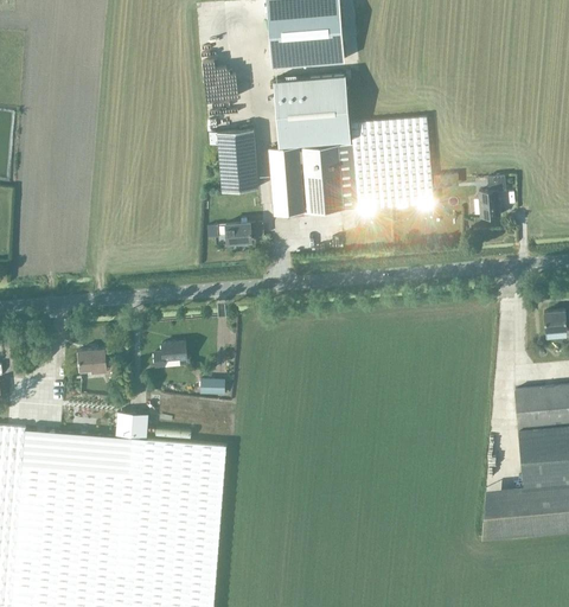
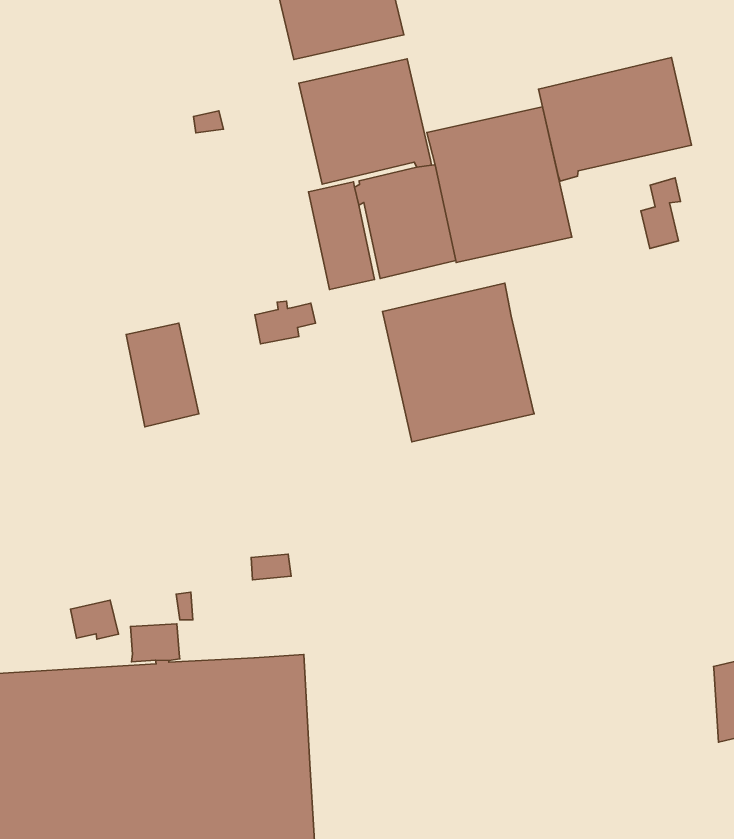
building: none -> [538,58,692,181]
building: [218,130,257,193] -> [126,323,199,427]
building: none -> [382,283,534,442]
building: [154,343,190,368] -> none
building: [79,350,108,373] -> [70,600,119,639]

